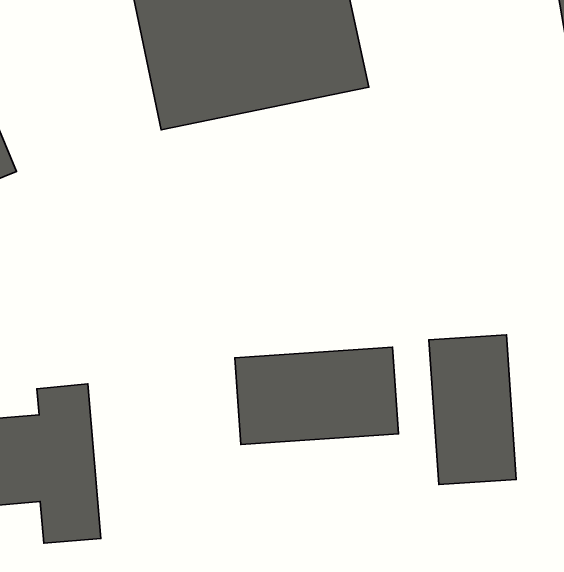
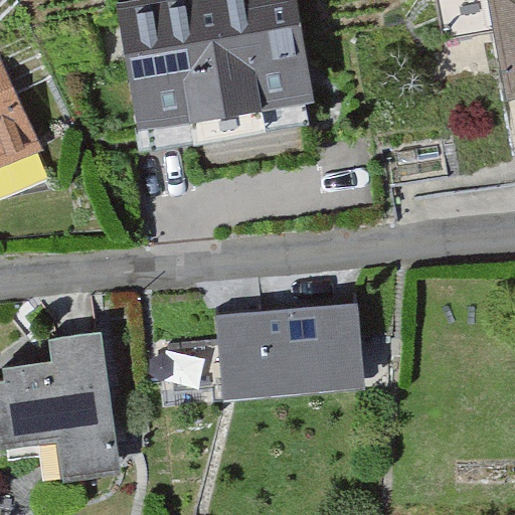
building: [429,335,516,485] -> none

